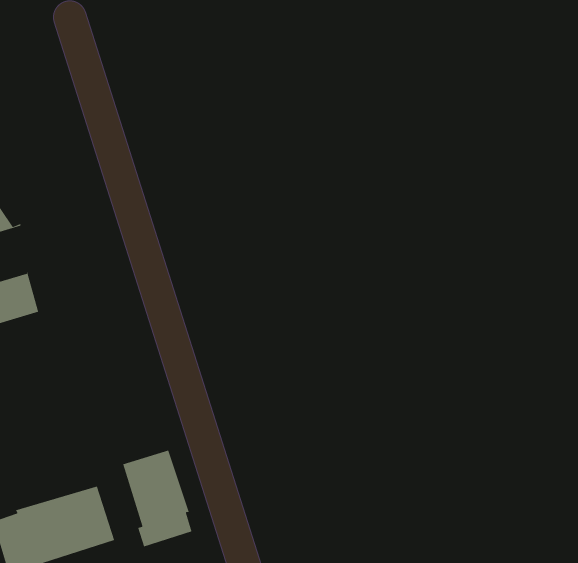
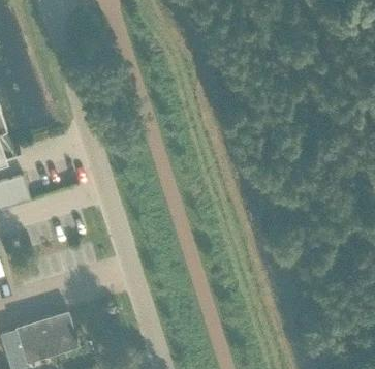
building: [122,450,192,547] -> none

